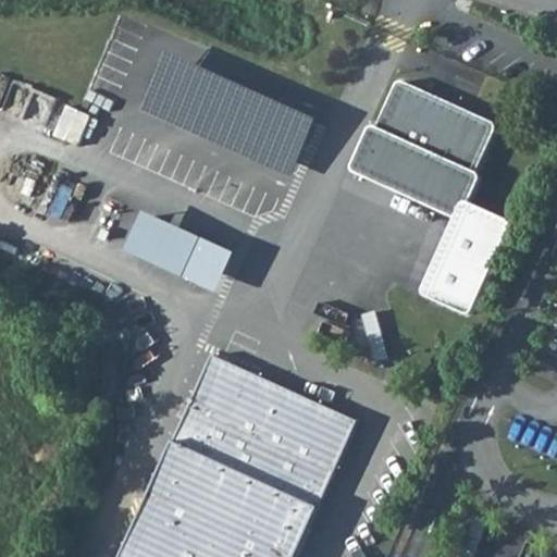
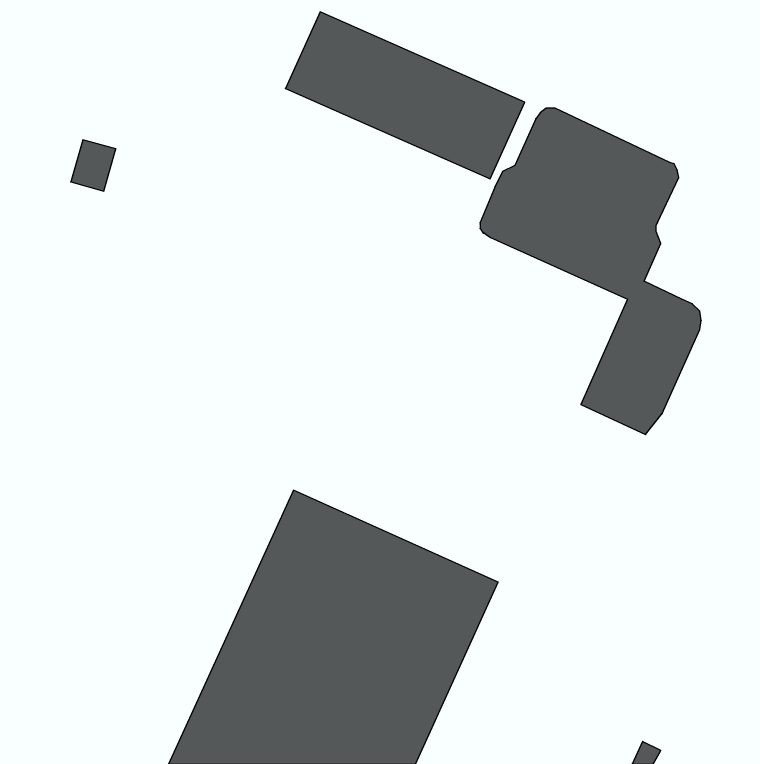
building: [137,54,310,175] -> [285,12,525,179]
building: [123,215,227,294] -> none

